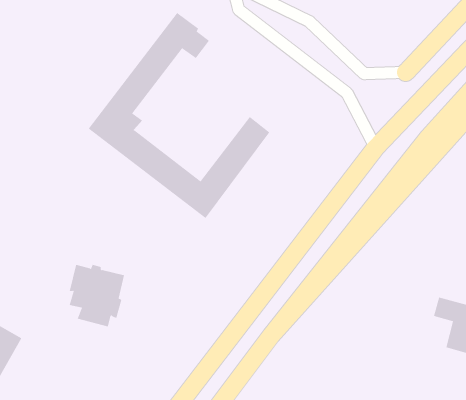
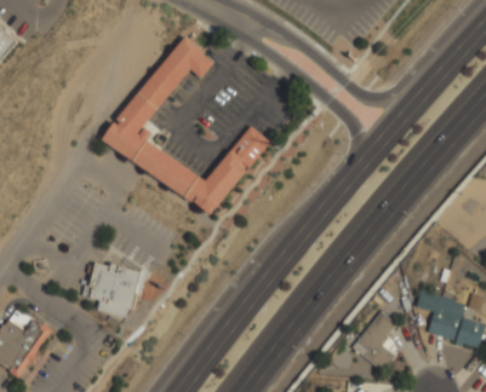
building: none -> [349,310,395,370]

